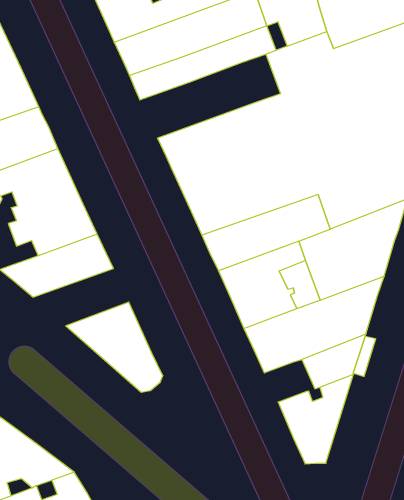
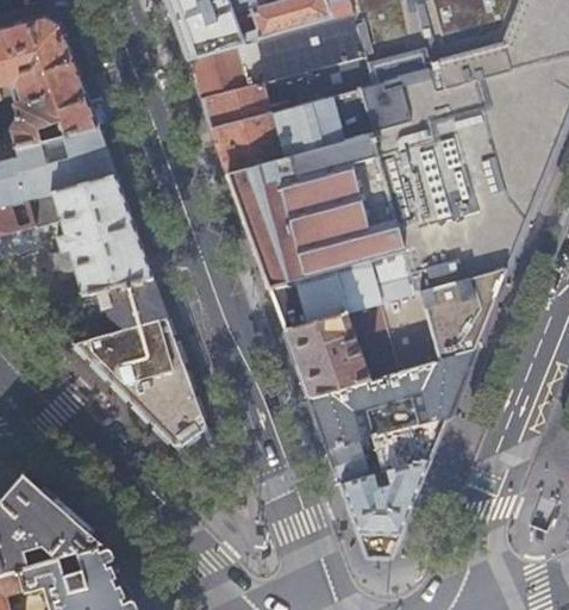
building: none -> [211,93,344,172]
building: none -> [71,316,180,376]
building: none -> [327,438,374,483]

